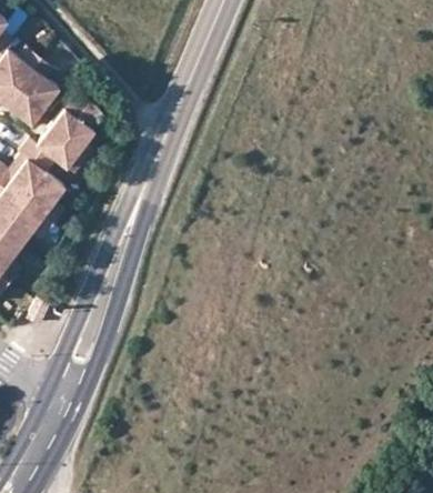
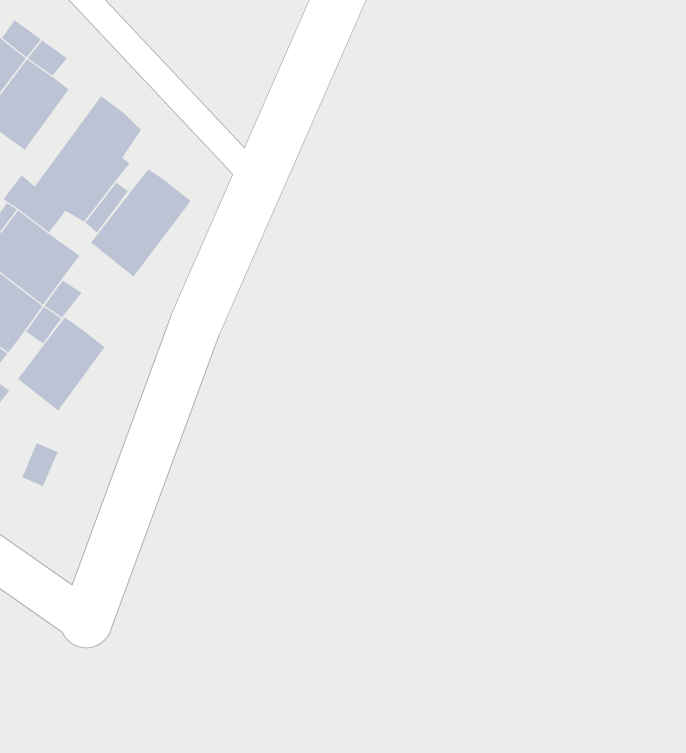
building: none -> [90,168,191,278]
building: none -> [17,317,105,411]

